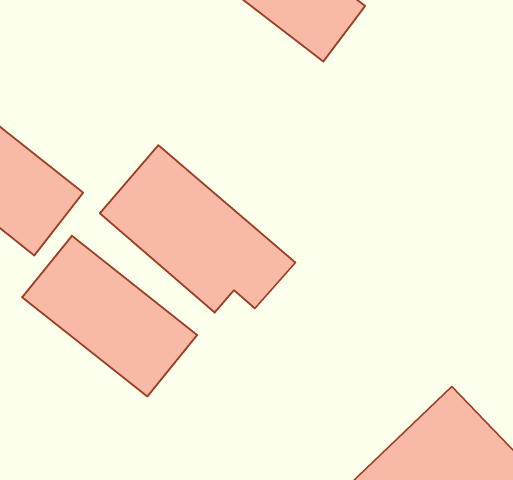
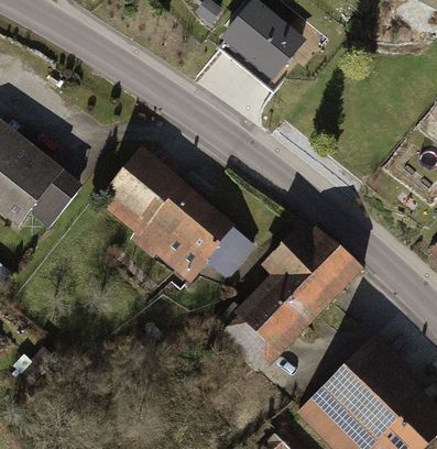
building: [22,236,197,396] -> none
building: none -> [216,223,352,374]

